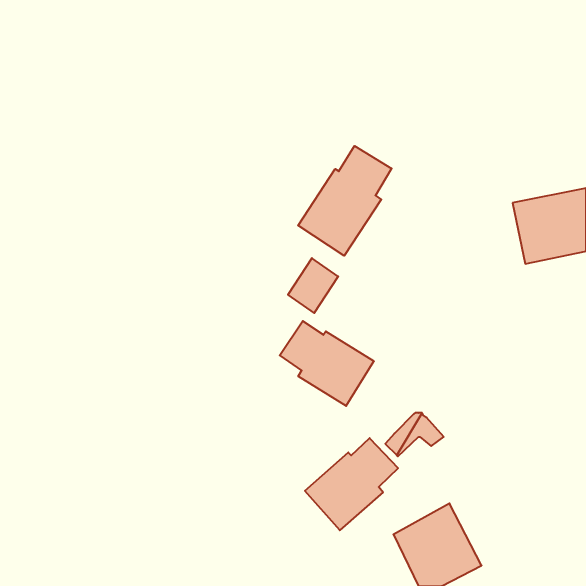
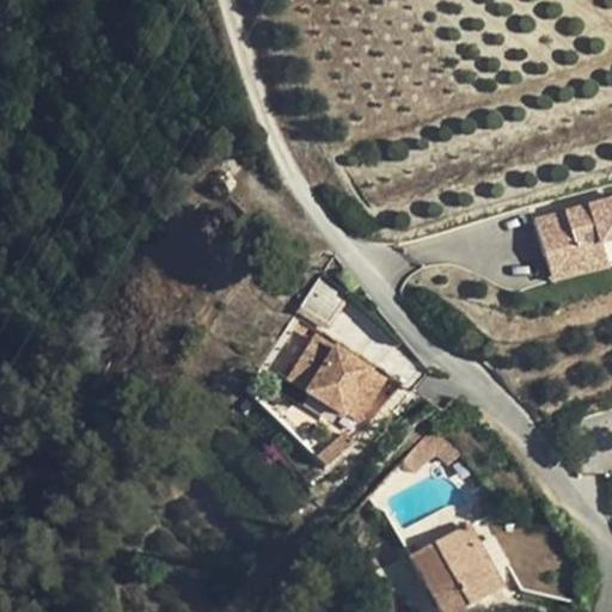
building: [298,146,392,256] -> none
building: [305,438,398,530] -> none

